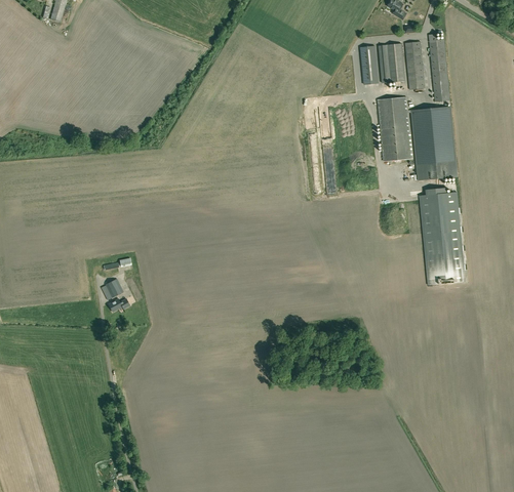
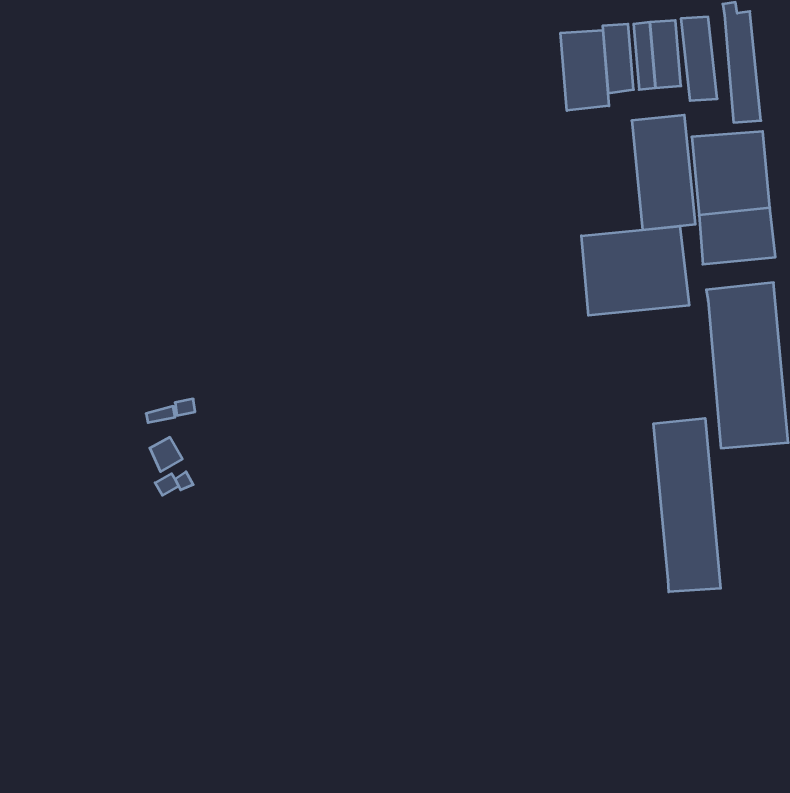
building: none -> [561,30,609,111]
building: none -> [581,226,689,315]
building: none -> [654,418,721,592]

